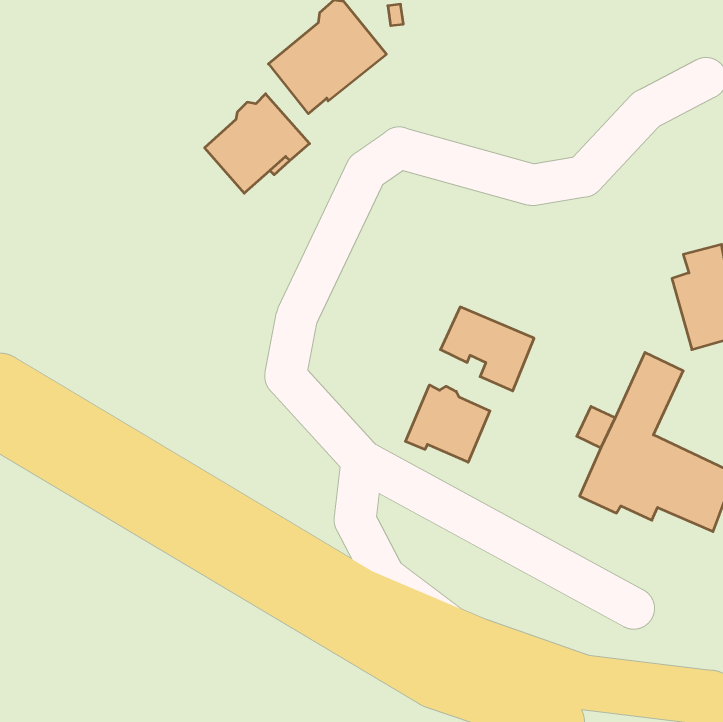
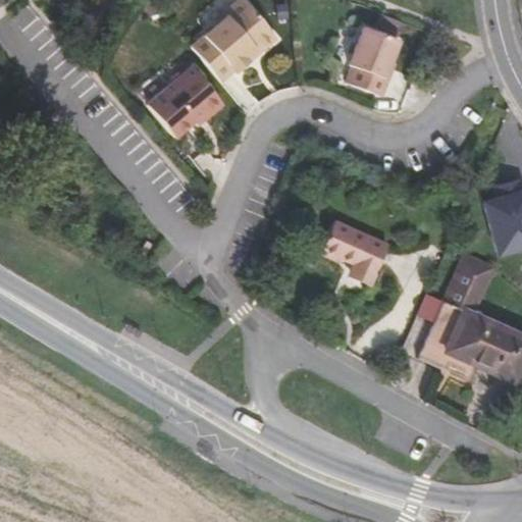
building: none -> [345,22,401,92]
building: [405,385,490,462] -> none

